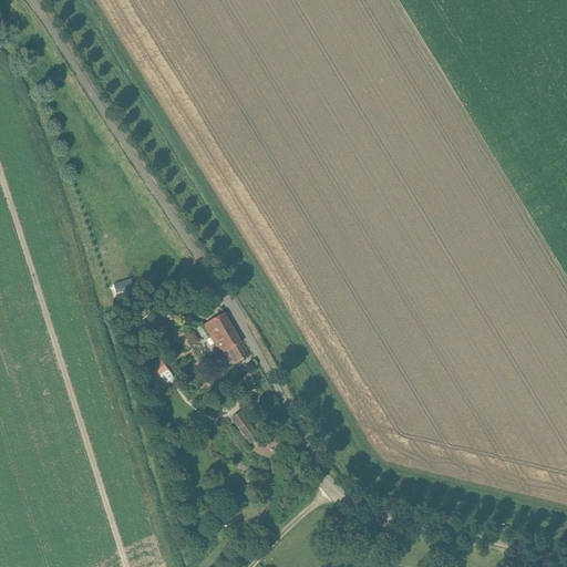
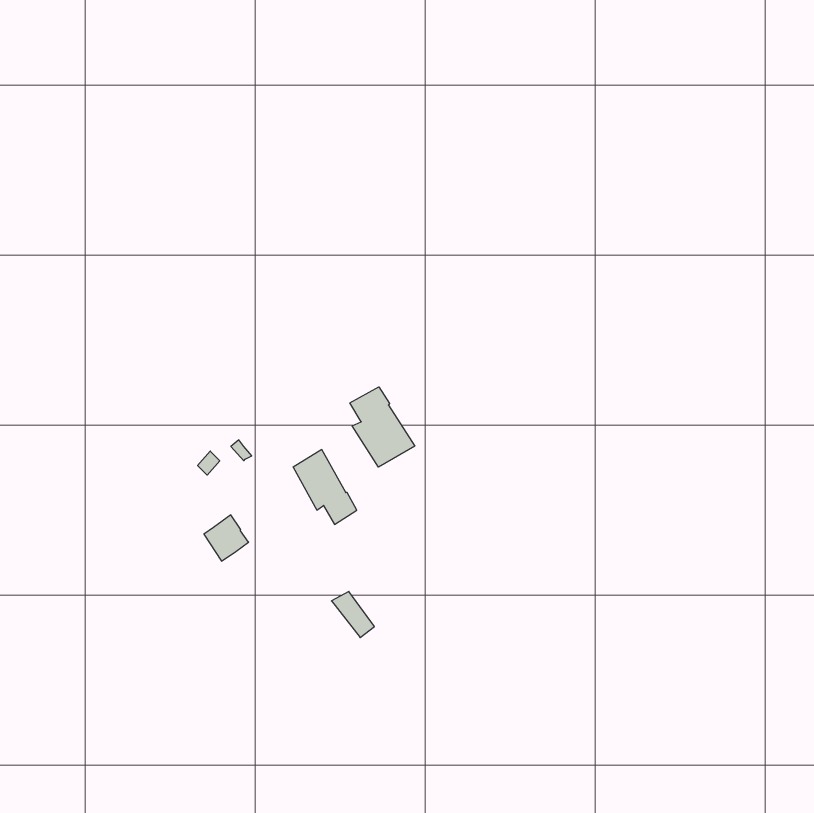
building: none -> [350,387,415,467]

